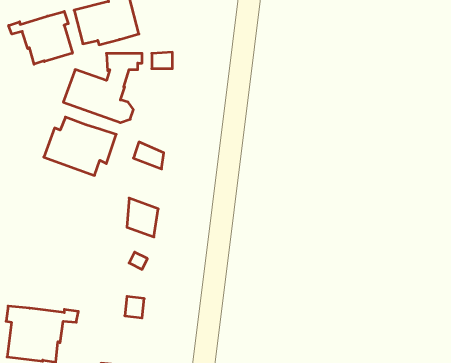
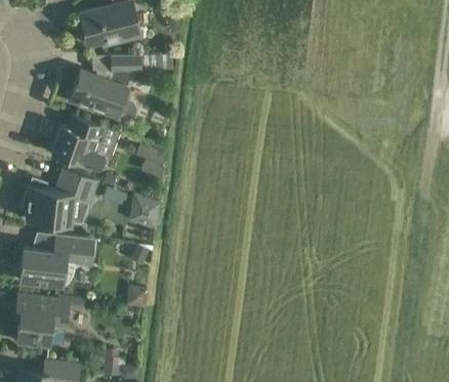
building: [9,11,72,64] -> none
building: none -> [19,169,96,226]
building: none -> [17,236,93,287]

